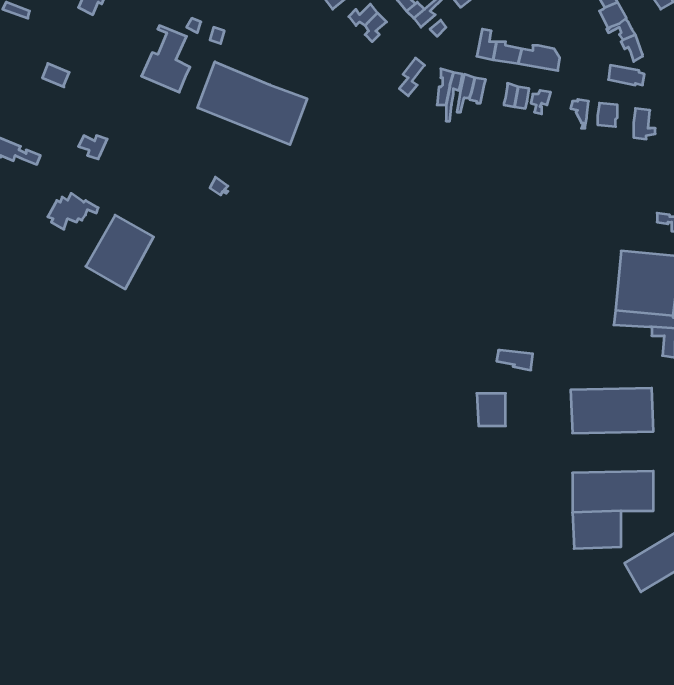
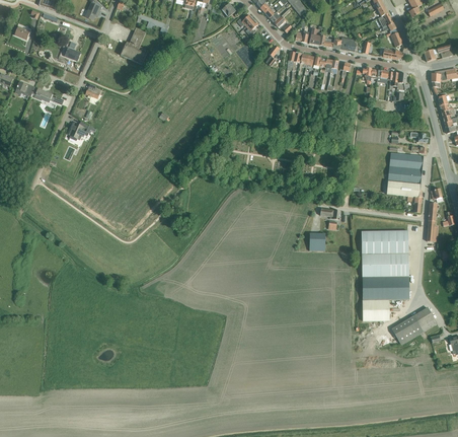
building: [198,62,307,145] -> none
building: [86,215,154,289] -> none
building: none -> [363,253,408,277]

